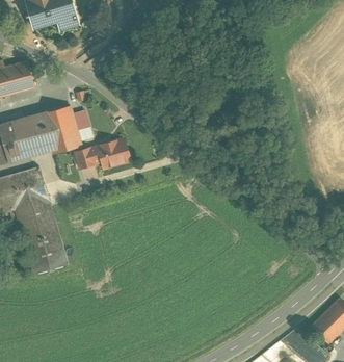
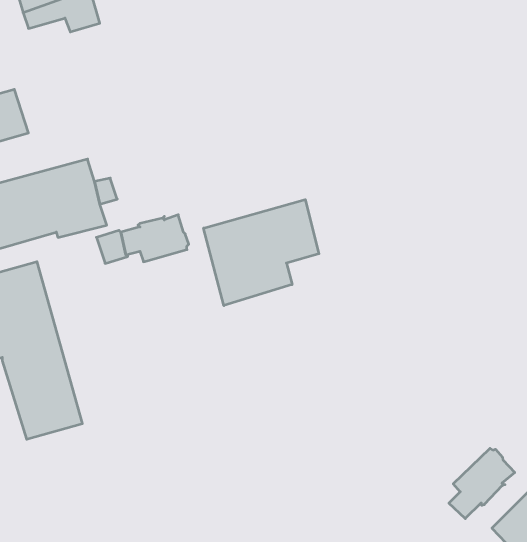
building: none -> [204,200,319,306]
building: none -> [449,448,515,519]

